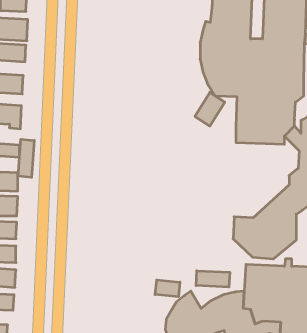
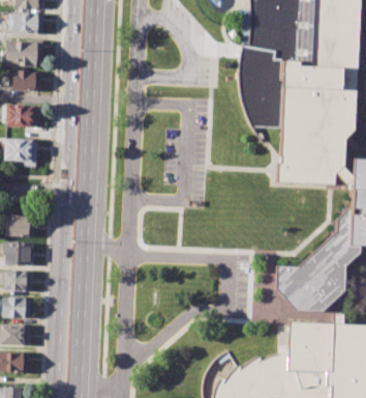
building: [195,92,225,126] -> none
building: [18,139,34,177] -> none
building: [196,271,230,287] -> none
building: [155,280,180,297] -> none

